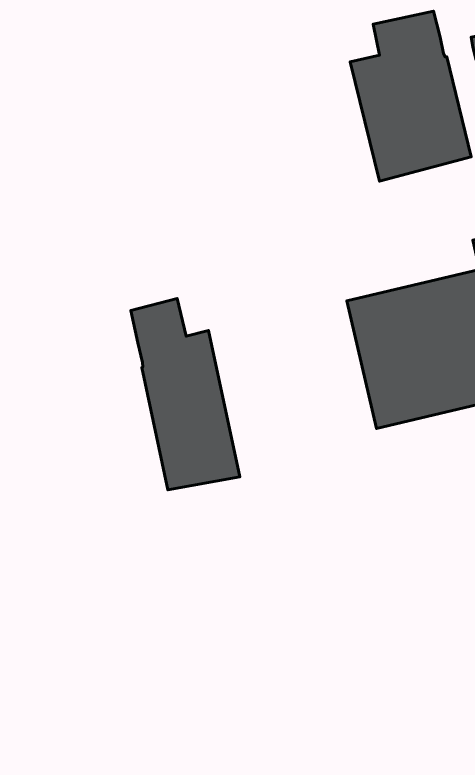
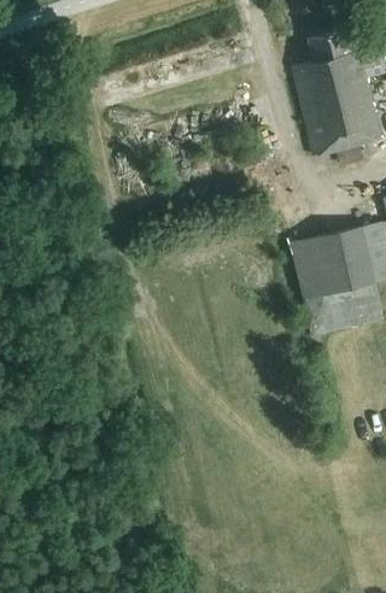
building: [131,299,240,490] -> none

